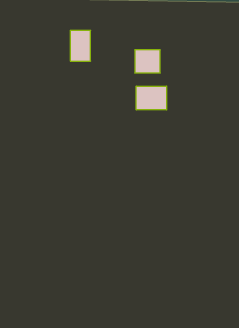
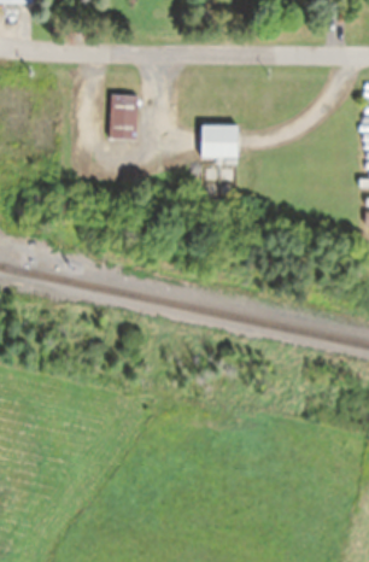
building: [136,86,167,110] -> none

